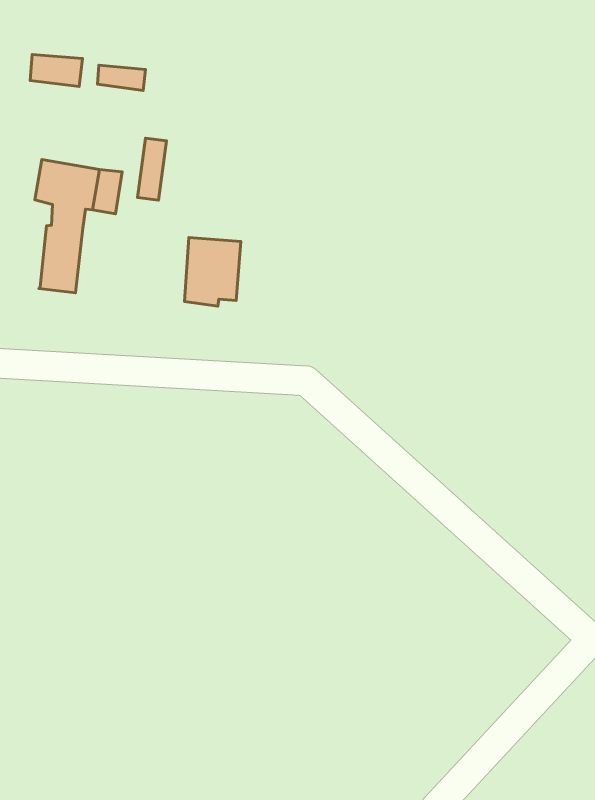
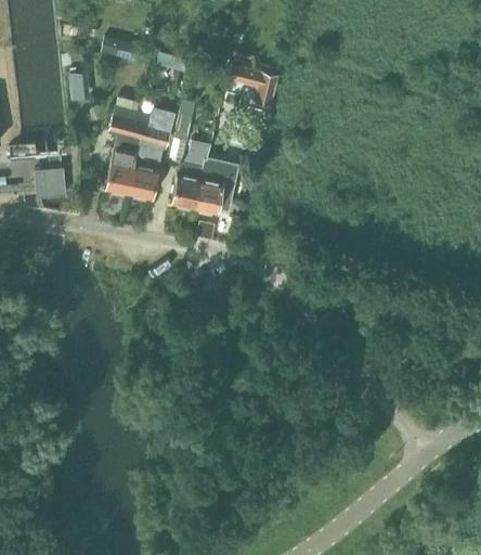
building: none -> [227,65,277,106]
building: none -> [170,141,209,207]
building: none -> [127,153,158,197]

